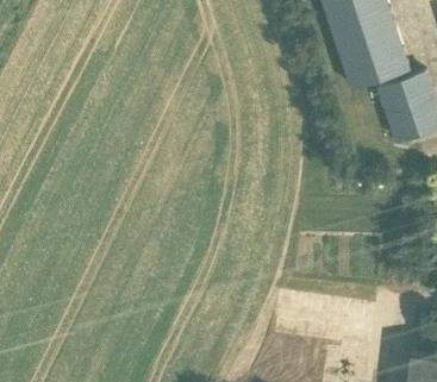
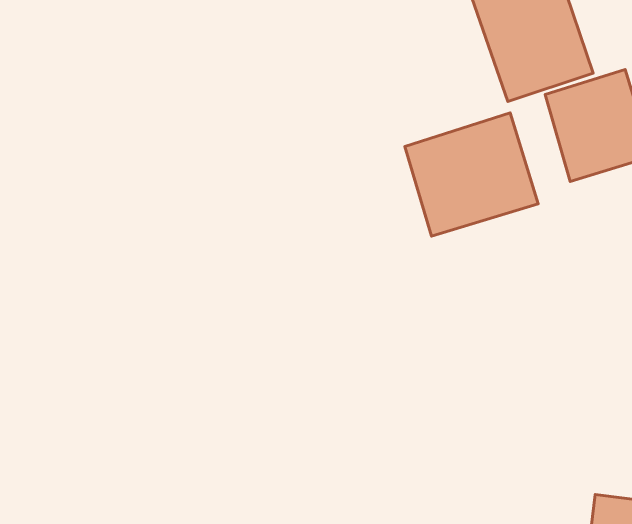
building: none -> [405,113,538,236]

